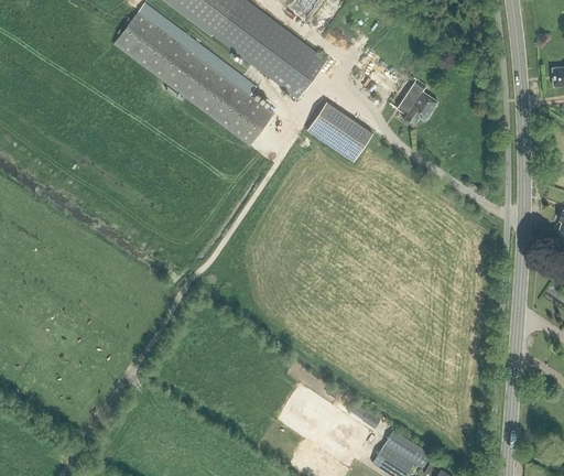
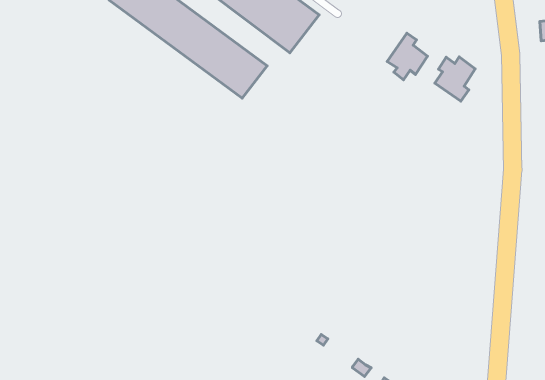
building: [303,99,372,161] -> none
building: none -> [435,57,475,101]

